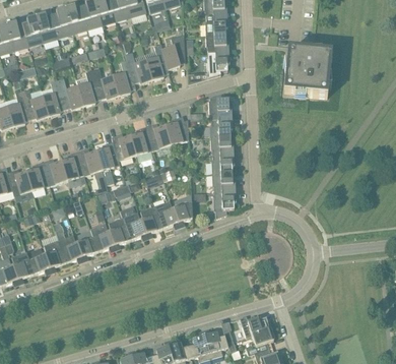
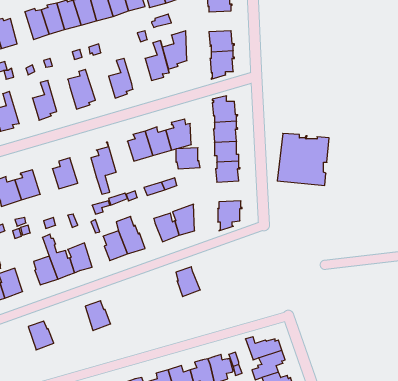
building: [205,15,227,35] -> none
building: [22,16,44,46] -> none
building: [283,49,331,97] -> [277,133,329,185]
building: [125,51,152,82] -> none
building: [91,67,119,99] -> none
building: [57,77,83,109] -> none
building: [21,87,49,119] -> none
building: [112,132,136,164] -> none
building: [77,147,102,174] -> none
building: [43,158,67,184] -> none
building: [212,172,235,191] -> [176,148,200,169]
building: [140,206,162,234] -> [176,267,200,297]
building: [90,224,114,251] -> [85,301,111,331]
building: [26,247,50,274] -> [28,321,54,350]

